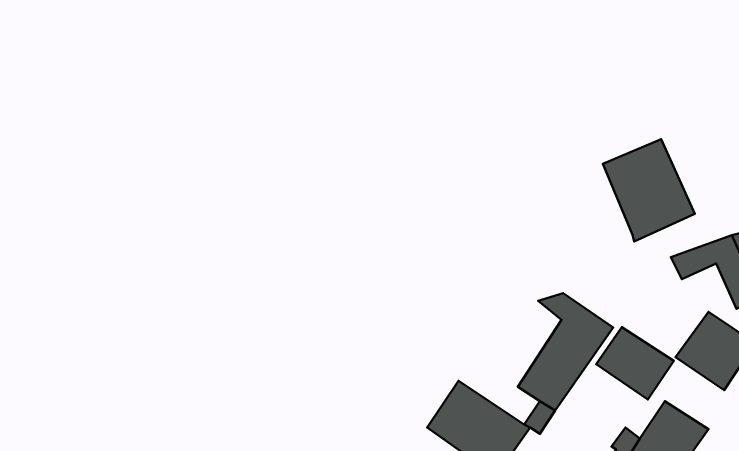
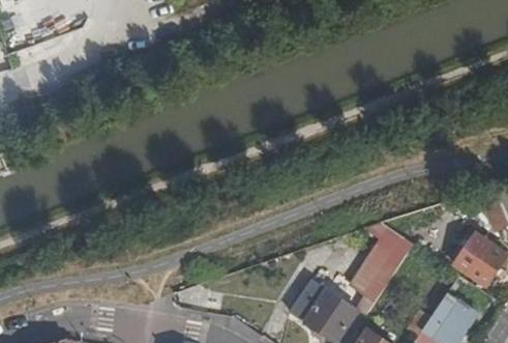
building: [603,139,695,241] -> none
building: [596,327,674,399] -> none

